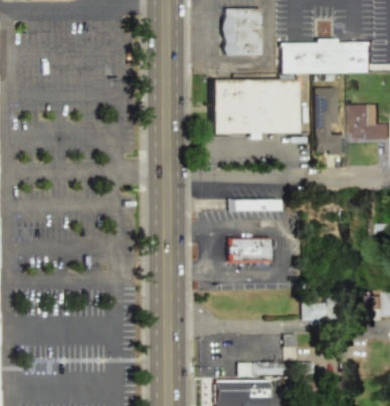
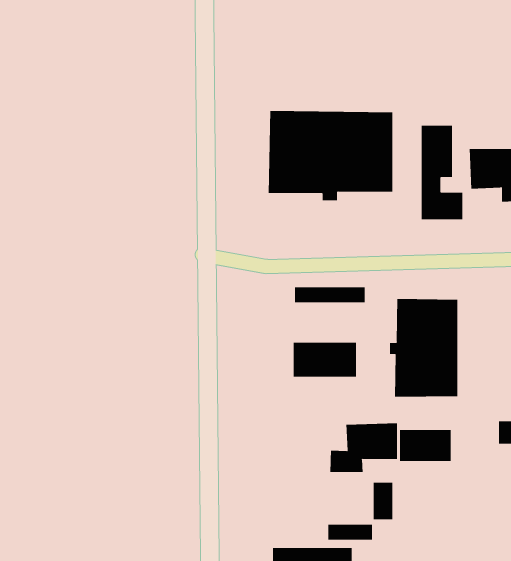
building: [223,8,263,56] -> none
building: [281,40,375,74] -> none
building: none -> [390,298,458,397]
building: none -> [330,423,397,473]

